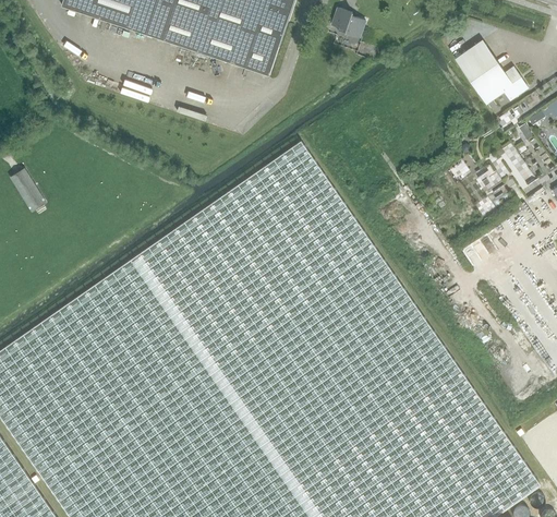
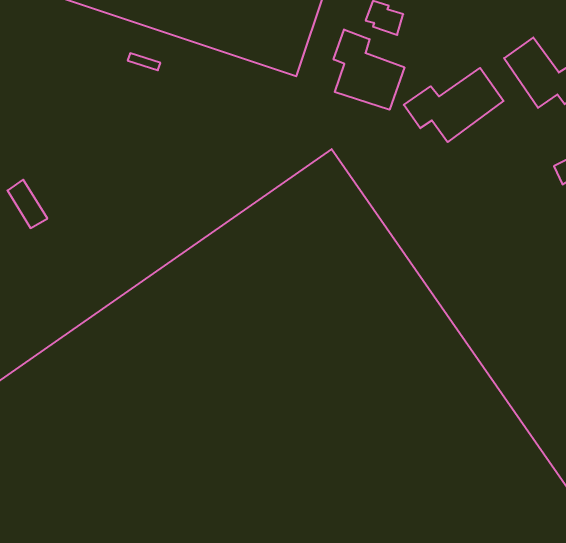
building: none -> [334,29,404,110]
building: none -> [404,68,504,142]

